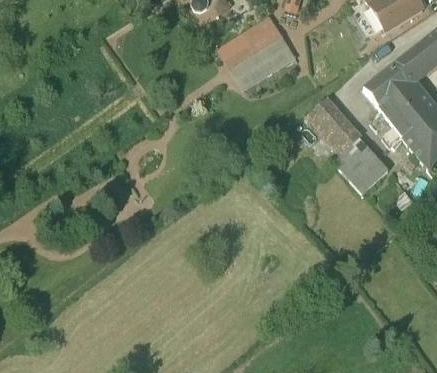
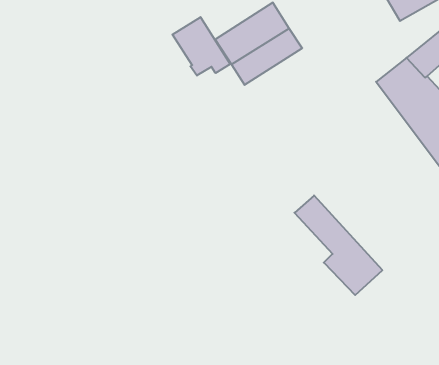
building: none -> [172,17,230,76]
building: [308,100,389,192] -> [294,195,382,295]

